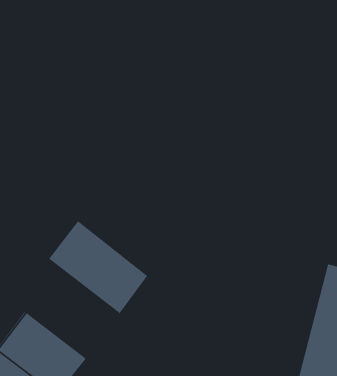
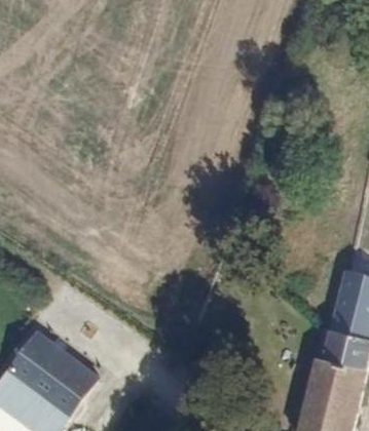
building: [48,220,148,314] -> none

